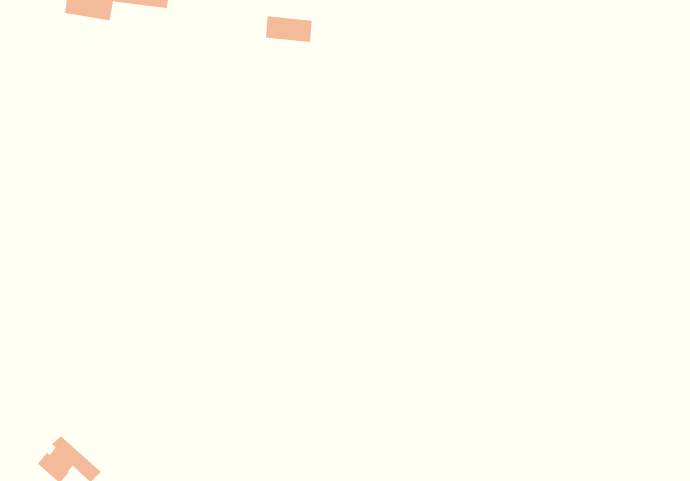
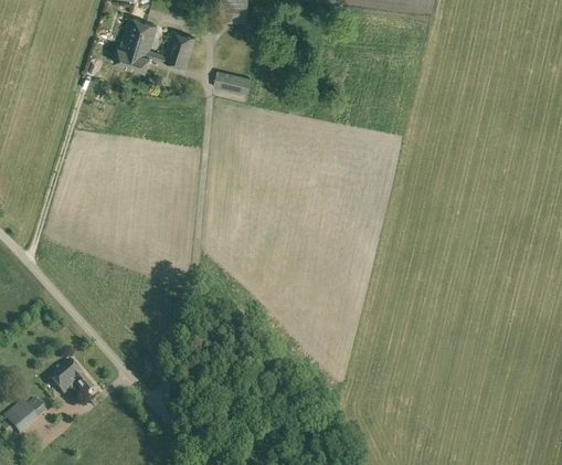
building: [265,16,313,42] -> [214,71,250,94]

